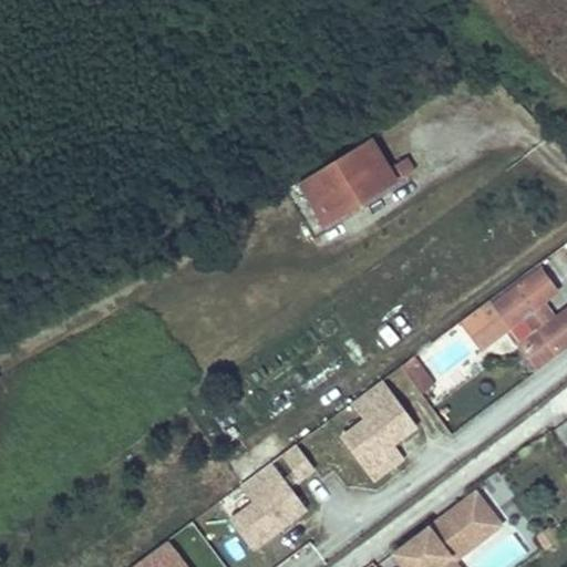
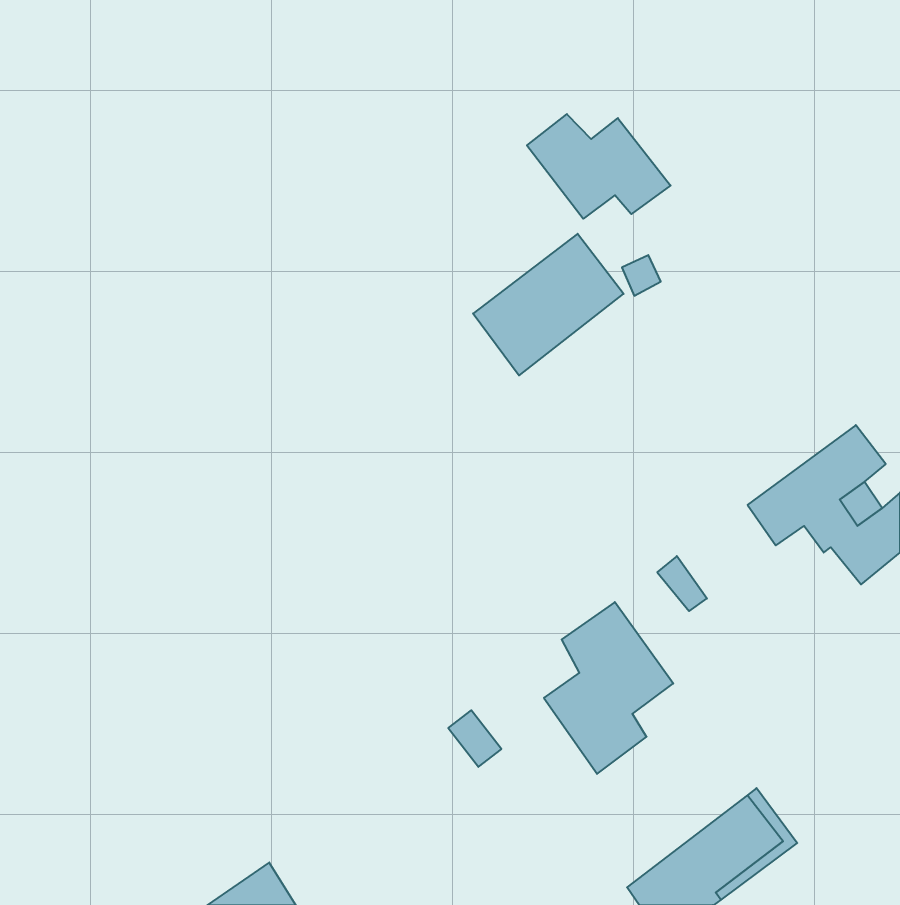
building: none -> [527,114,671,219]
building: [230,462,306,548] -> none

